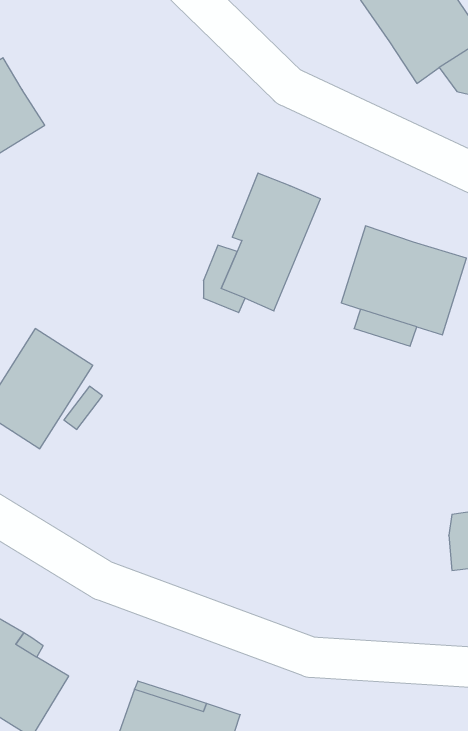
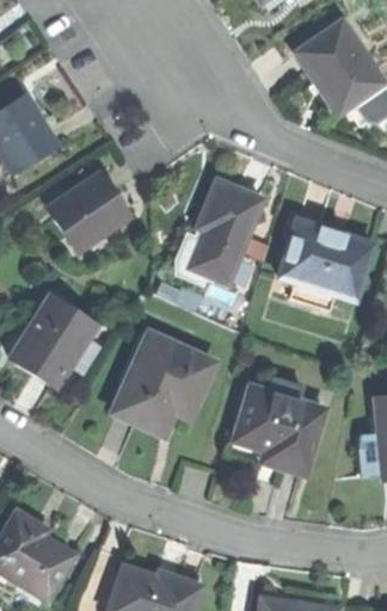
building: none -> [48,173,129,251]
building: none -> [113,333,215,436]
building: none -> [234,378,321,475]

